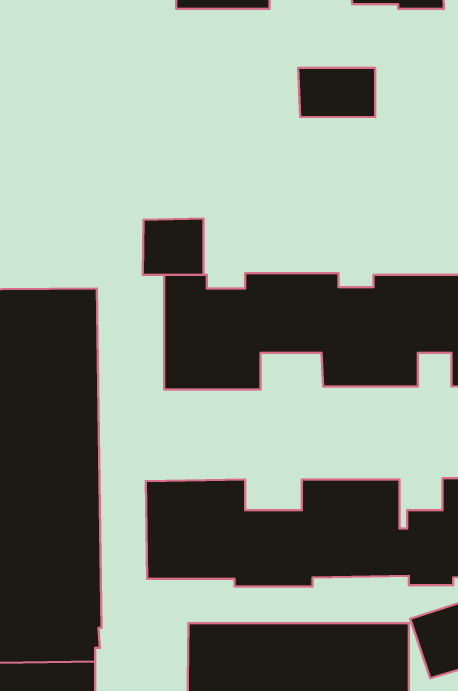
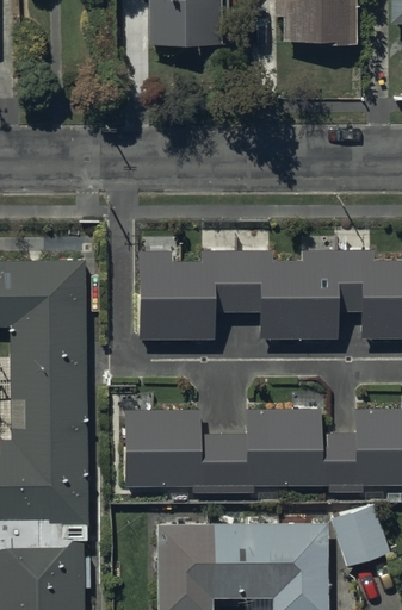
building: [298,68,375,117] -> none
building: [143,219,203,275] -> none

